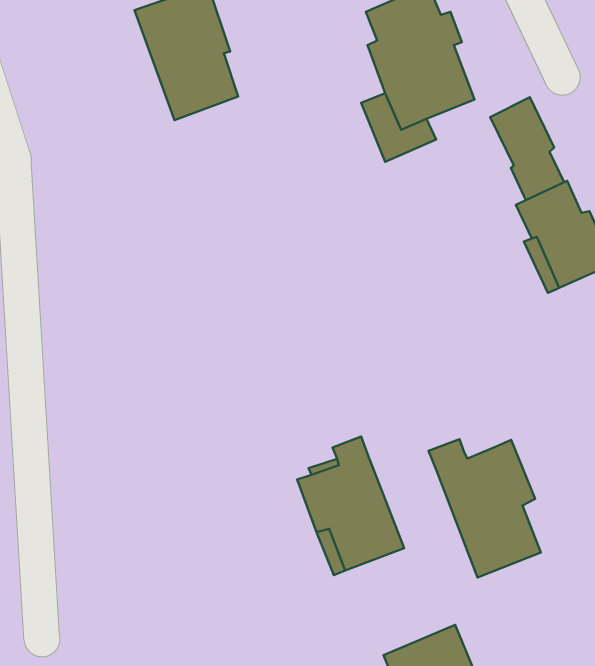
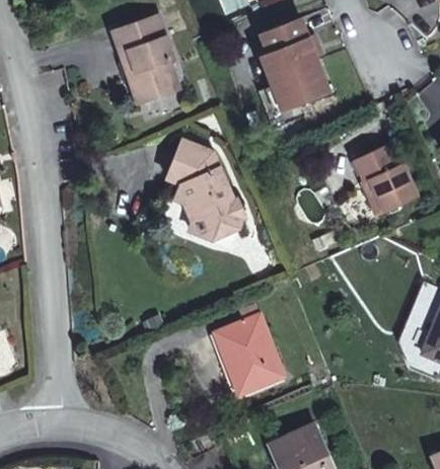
building: [490,97,564,200] -> none
building: none -> [167,142,243,241]
building: [429,439,541,578] -> none

